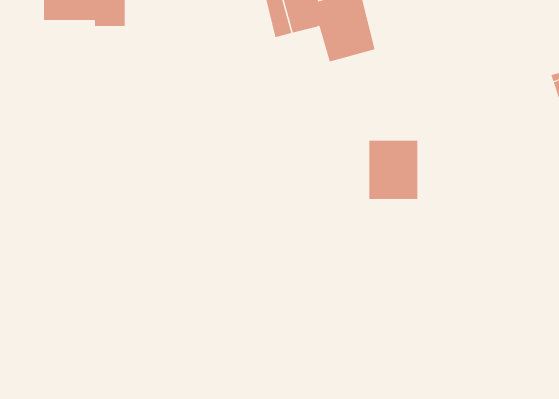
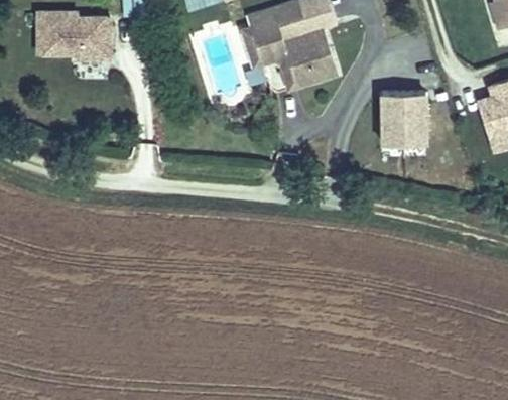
building: [368,140,418,199] -> [382,94,425,145]

